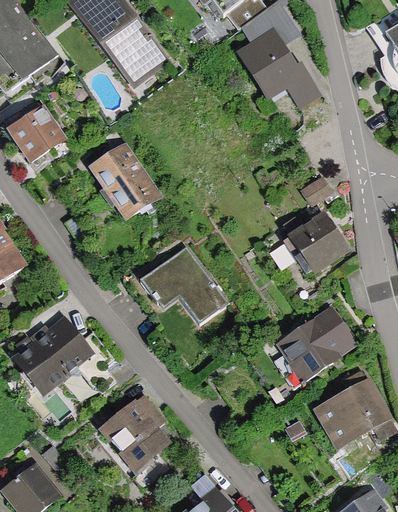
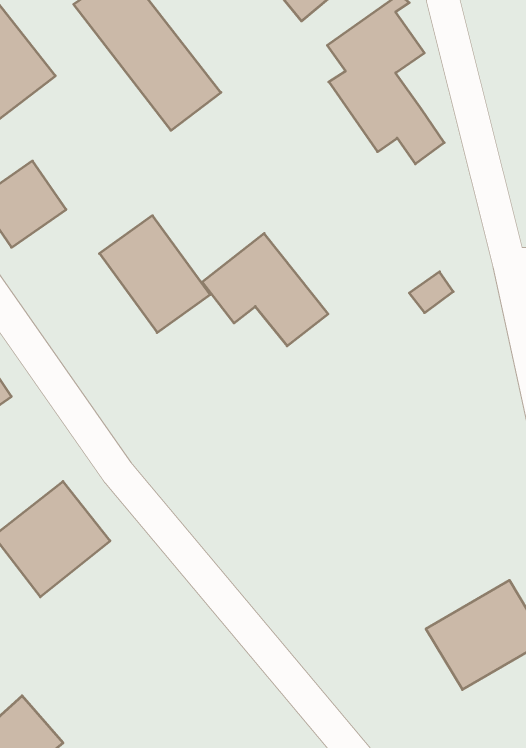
building: [273,220,337,284] -> none
building: [148,245,231,319] -> [202,233,328,346]
building: [271,310,351,383] -> none
building: [107,400,172,467] -> none

